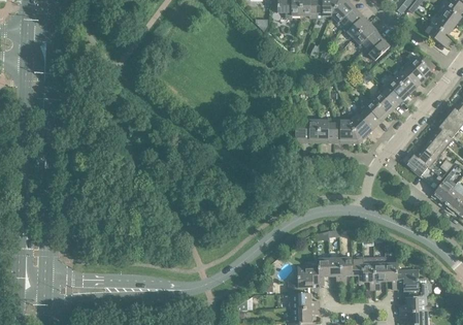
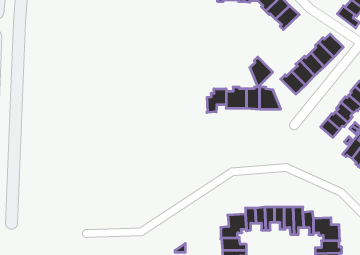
building: [362,32,392,60] -> none
building: [350,107,376,142] -> [250,57,273,87]
building: none -> [207,89,226,113]

